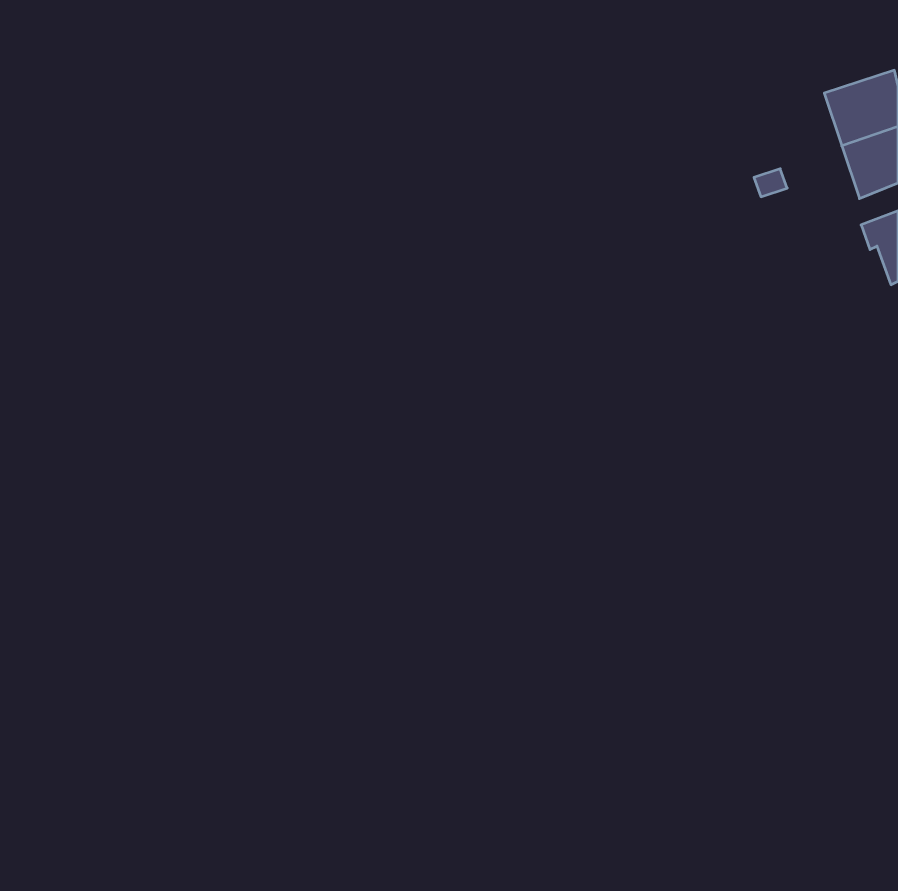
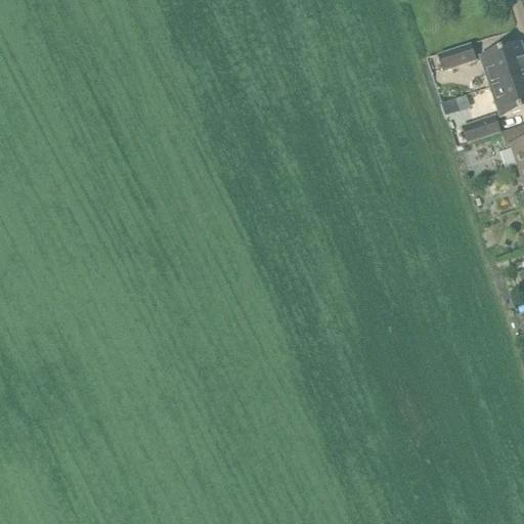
building: none -> [438,42,476,70]
building: none -> [463,115,500,142]

